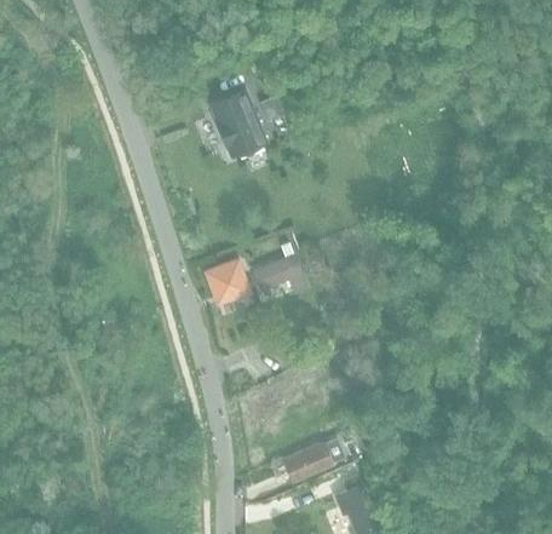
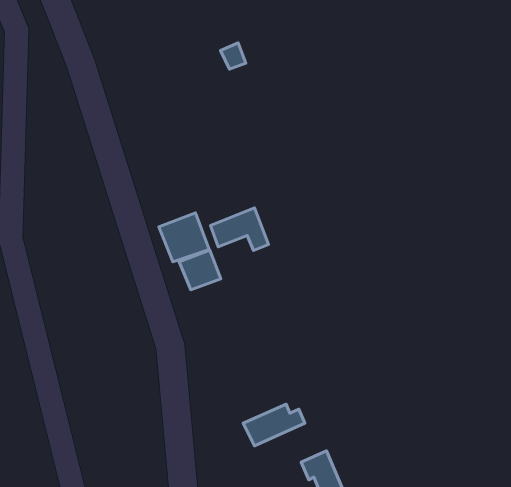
building: [214,85,266,154] -> none
building: none -> [179,250,221,290]

